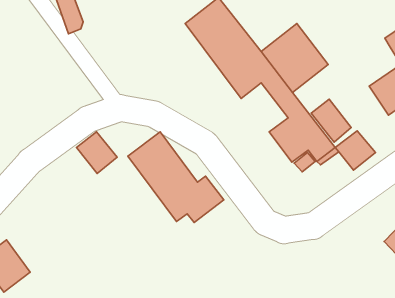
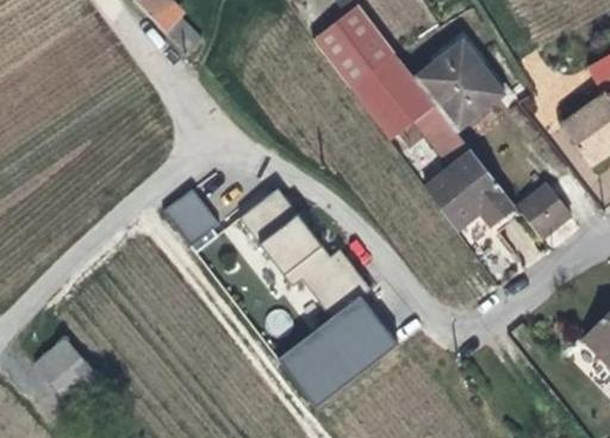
building: [311,99,351,142] -> none
building: none -> [278,294,397,405]

